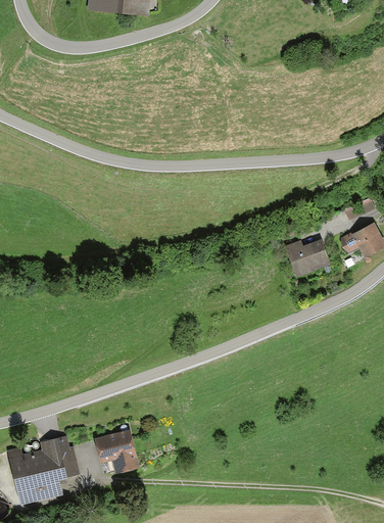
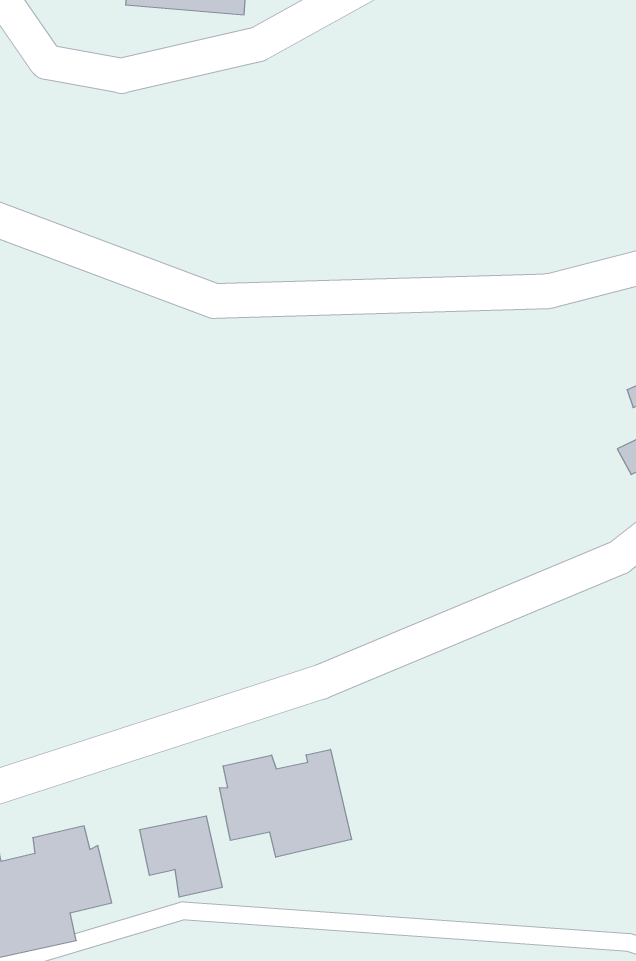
building: [286,240,331,279] -> none
building: none -> [219,749,352,857]

